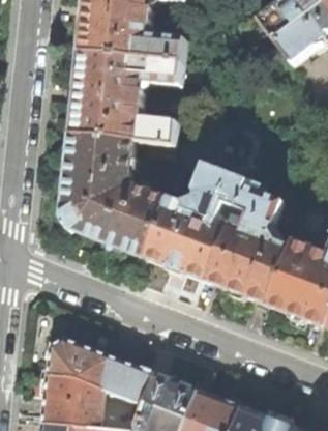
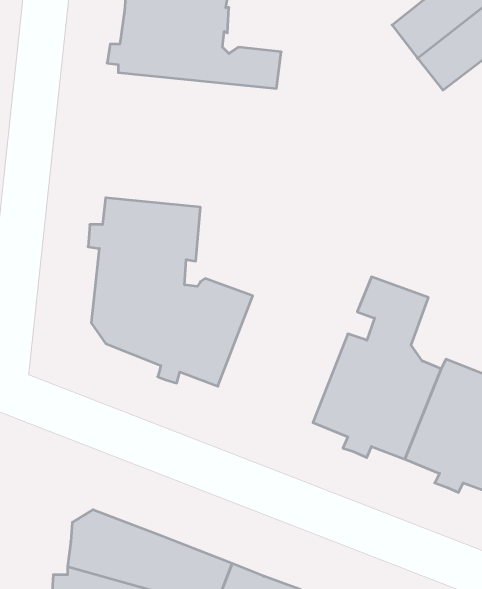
building: [66,52,185,144] -> none
building: [147,163,249,281] -> none

